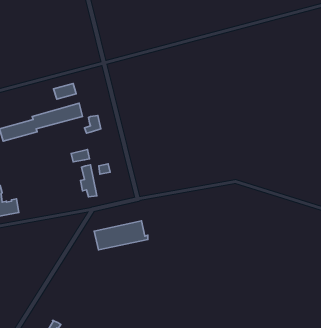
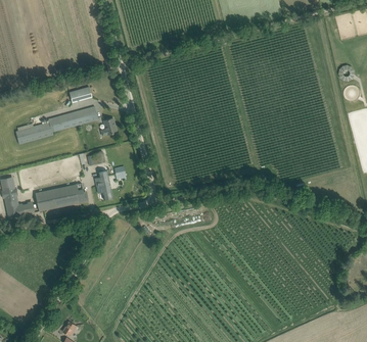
building: [94,221,148,250] -> [35,183,88,211]

